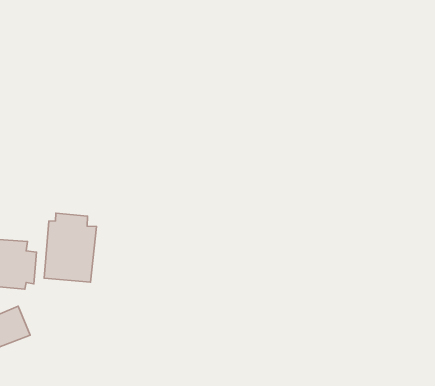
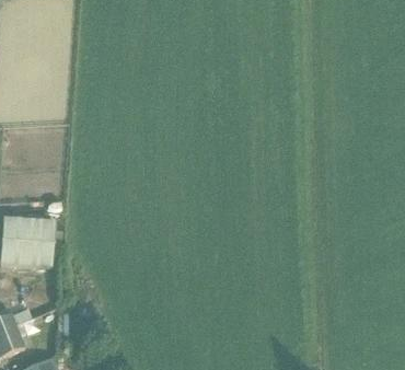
building: [44,213,96,282] -> none

